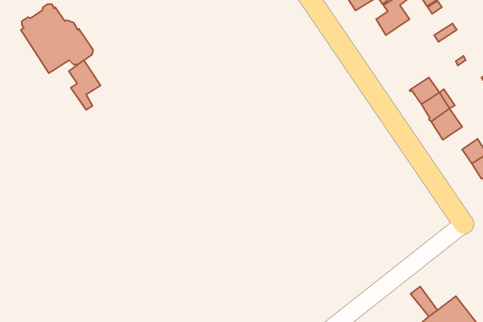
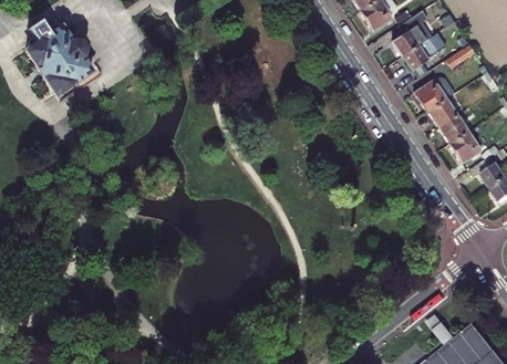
building: none -> [402,38,438,70]
building: none -> [413,79,446,112]
building: [69,60,100,110] -> none

